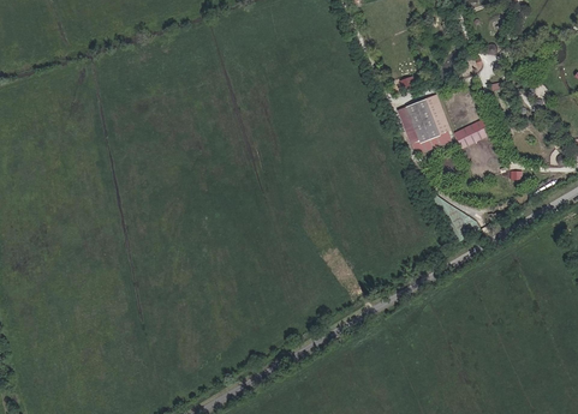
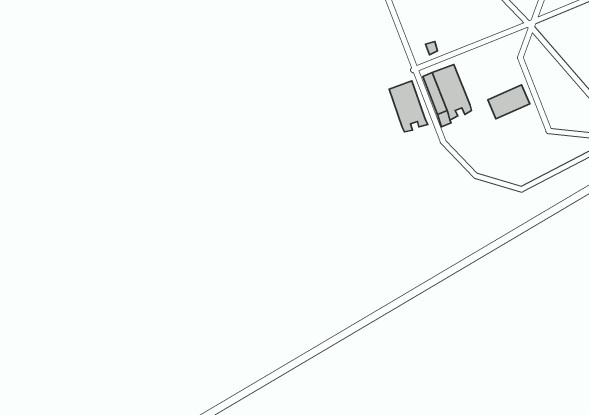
building: none -> [389,81,428,132]

